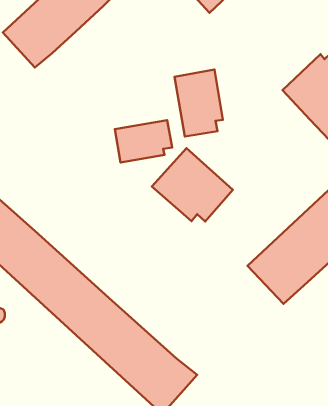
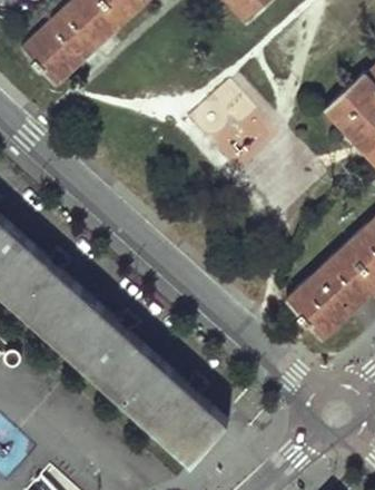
building: [115,120,172,163] -> none
building: [152,148,233,222] -> none

